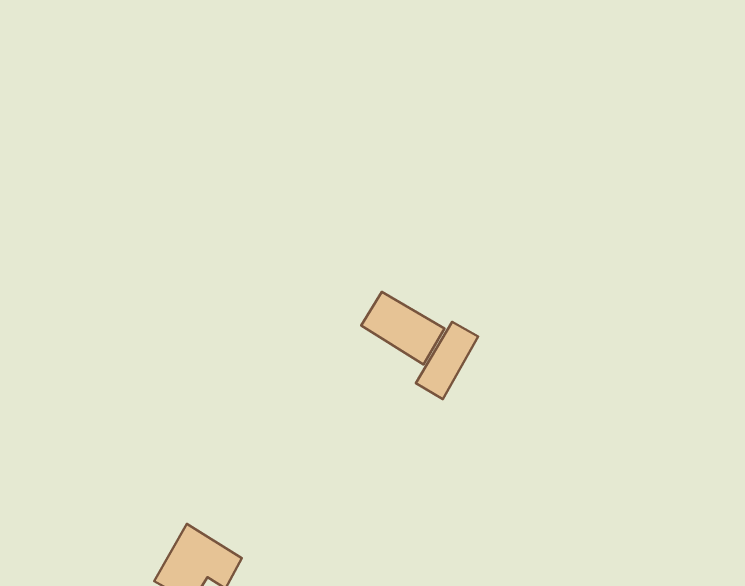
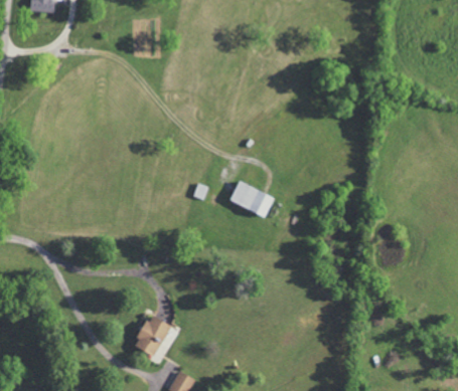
building: [416,322,478,399] -> none

